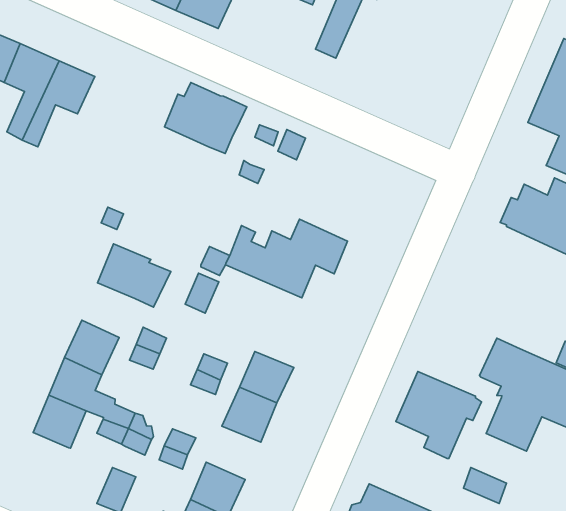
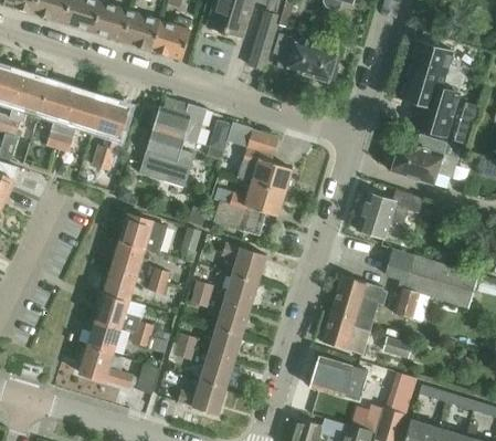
building: none -> [274,34,337,82]
building: none -> [92,101,128,170]
building: none -> [139,129,194,187]
building: none -> [238,129,293,192]
building: none -> [357,189,424,252]
building: none -> [112,240,146,275]
building: none -> [222,242,266,282]
building: none -> [323,311,370,354]
building: none -> [207,327,242,361]
building: none -> [78,346,134,387]

